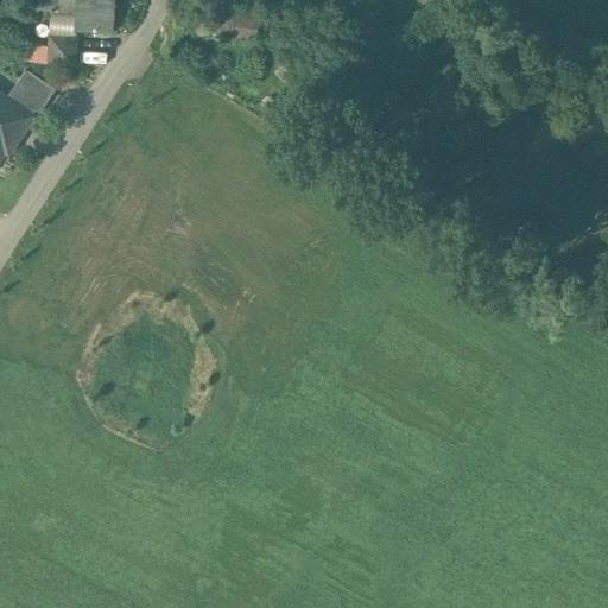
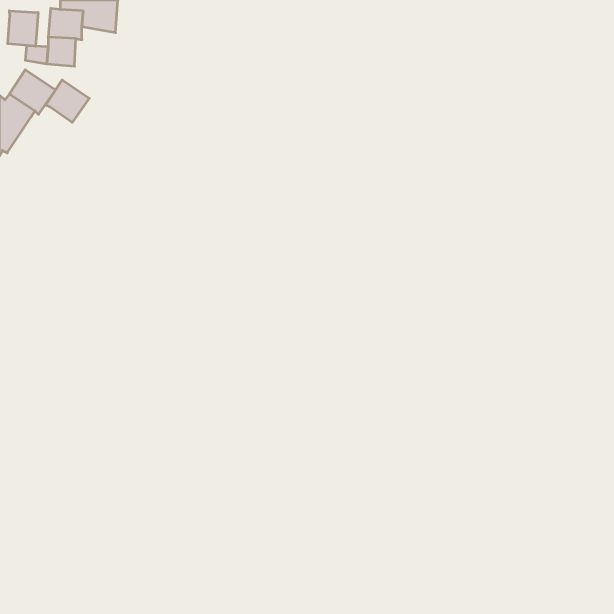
building: none -> [8,11,38,46]
building: none -> [45,80,89,122]

